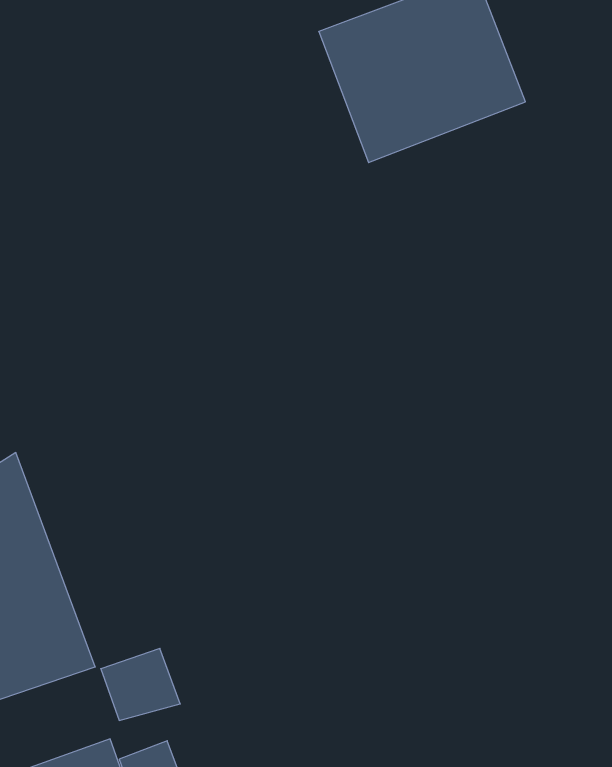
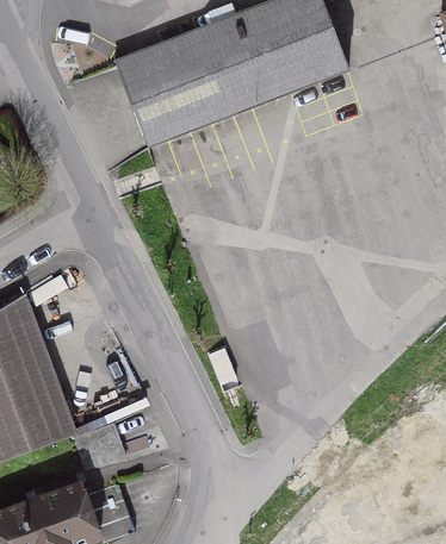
building: none -> [116,23,247,144]

